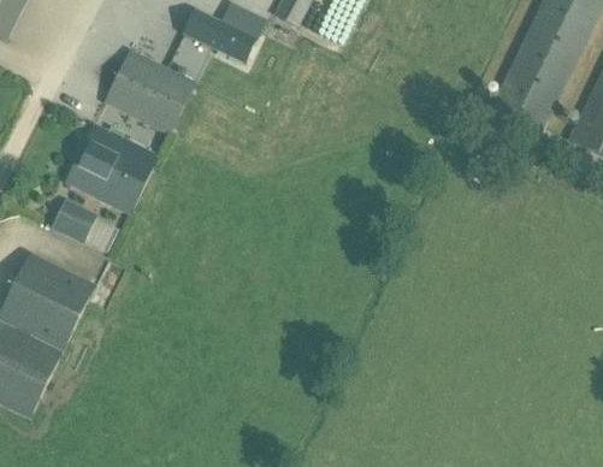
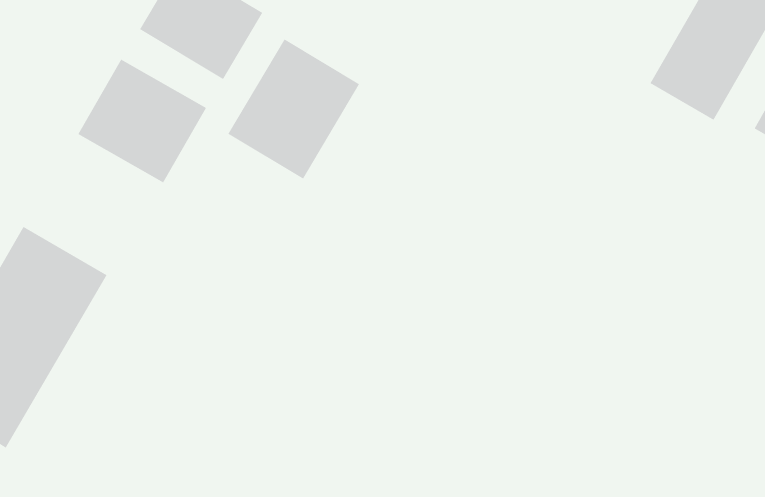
building: none -> [228,39,360,180]
building: [52,196,99,243] -> none

